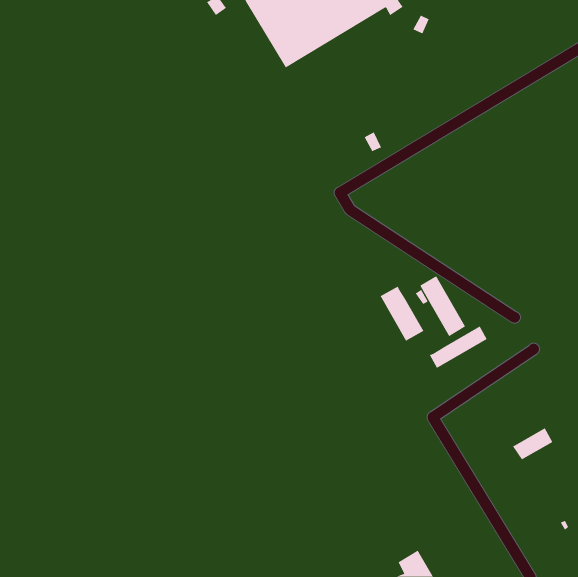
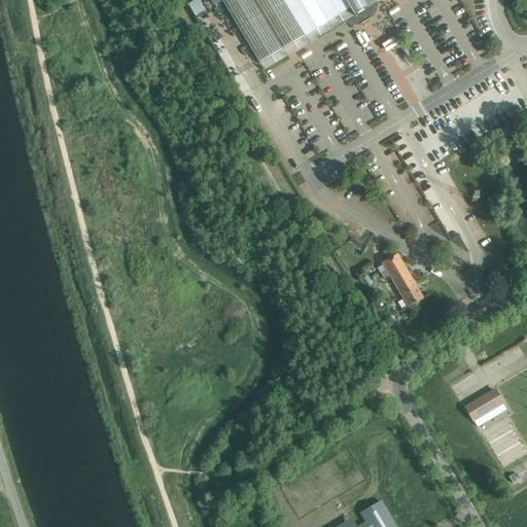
building: [380,286,424,341] -> none
building: [429,326,488,369] -> none

